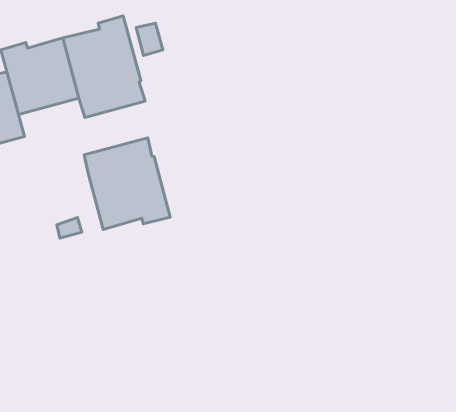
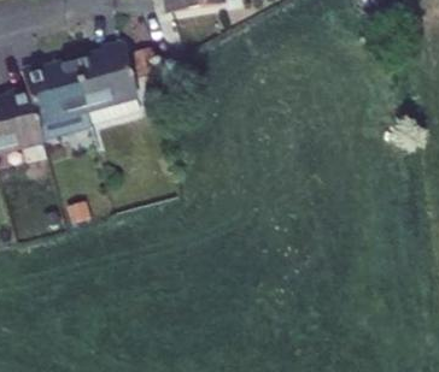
building: [84,138,170,230] -> none

